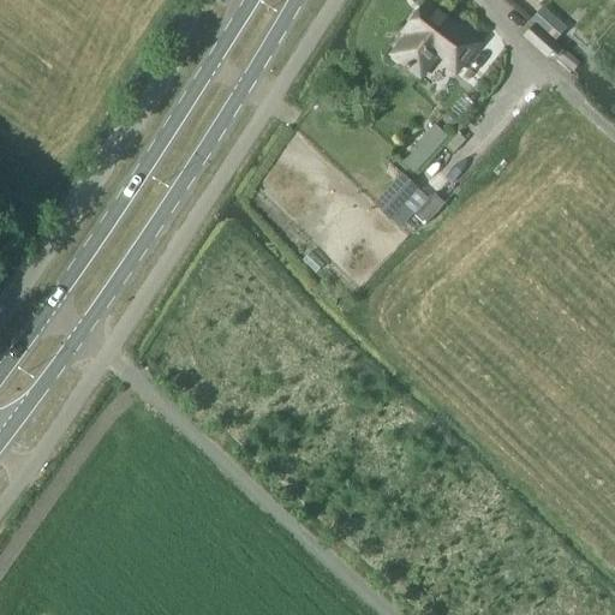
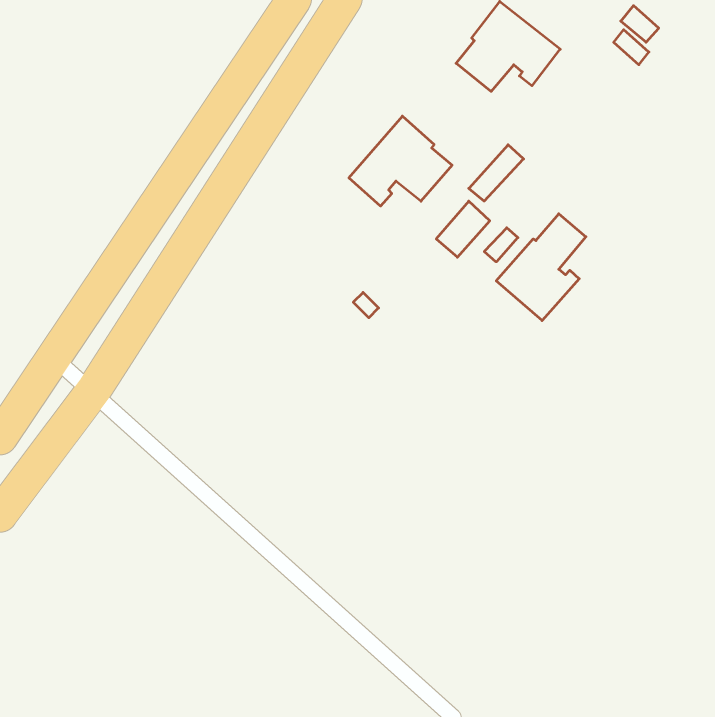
building: none -> [349,116,452,206]
building: none -> [496,214,586,321]

